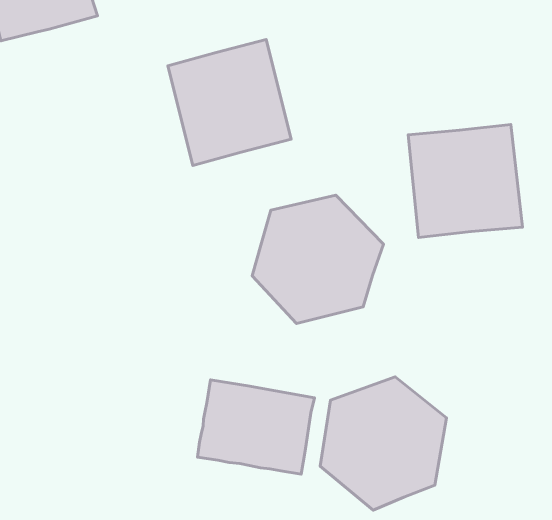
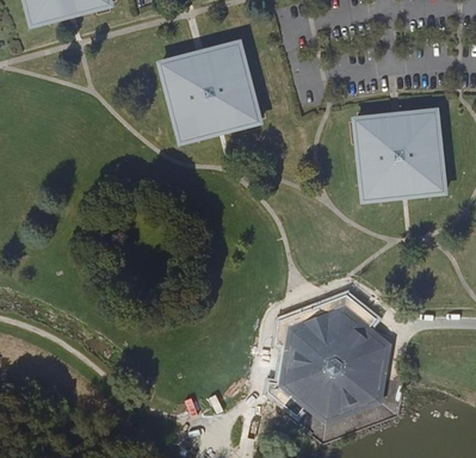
building: [252,195,384,324] -> none
building: [198,380,315,474] -> none

